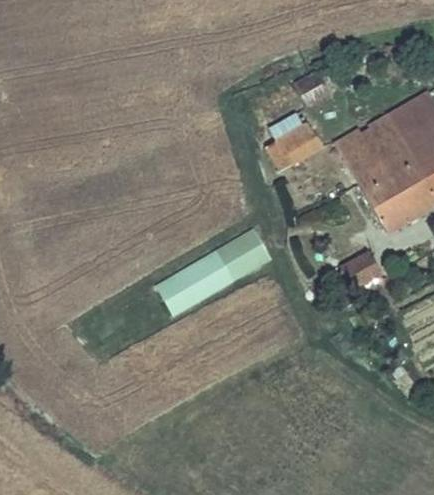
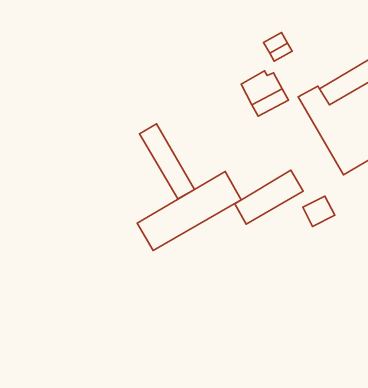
building: none -> [139,124,195,199]
building: none -> [235,170,303,224]

